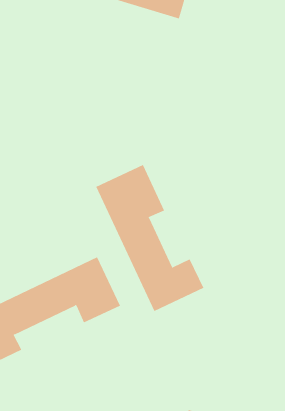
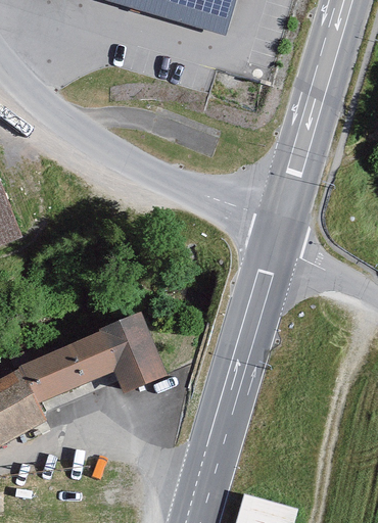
building: [95,164,204,312] -> none

